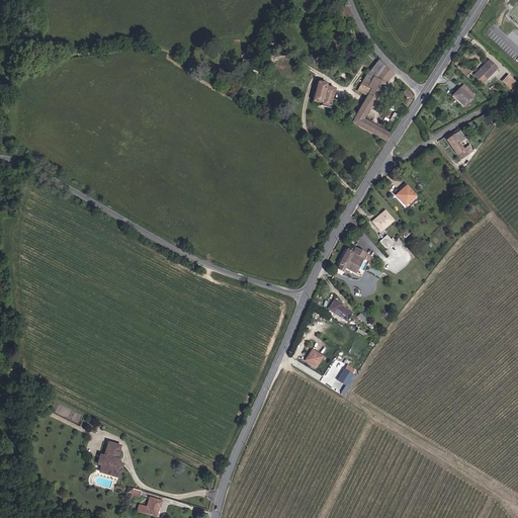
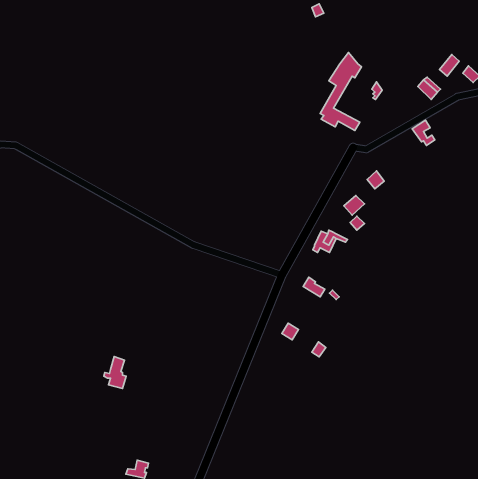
building: [309,78,332,107] -> none
building: [98,442,122,477] -> [104,357,126,388]

